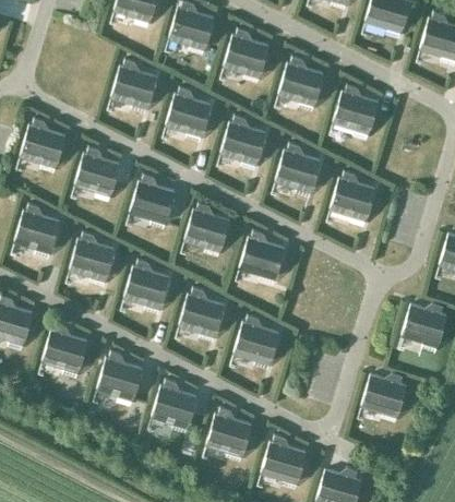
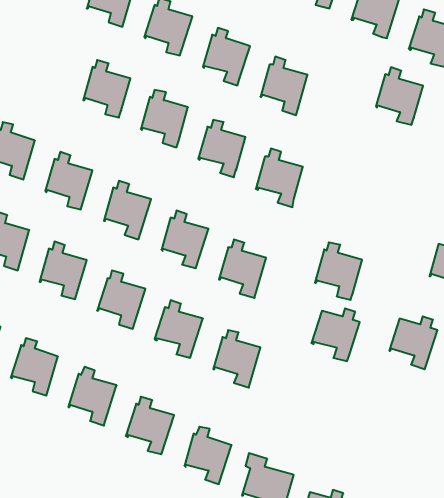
building: [334,85,379,140] -> [376,67,423,125]
building: [331,172,375,227] -> [315,242,362,300]
building: [361,373,407,423] -> [311,308,360,361]

